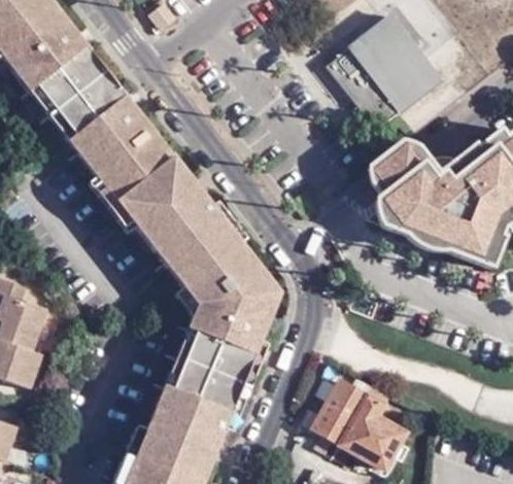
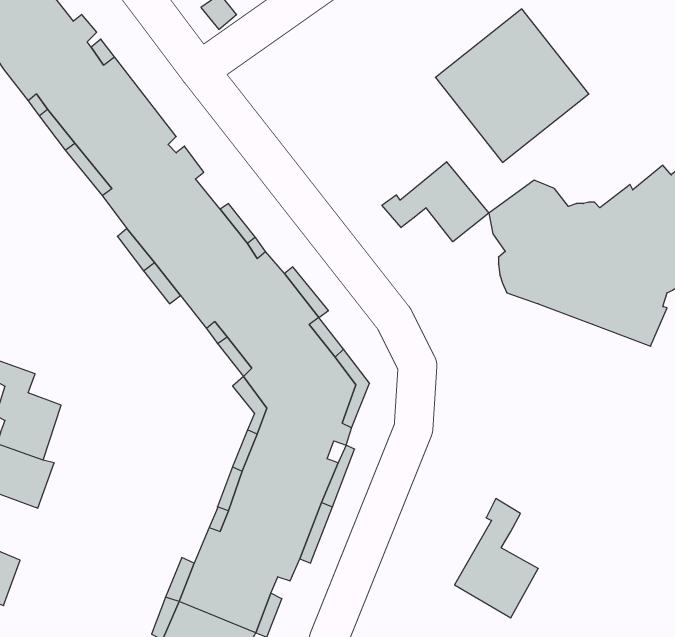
building: none -> [382,162,489,242]
building: [313,379,371,444] -> none

